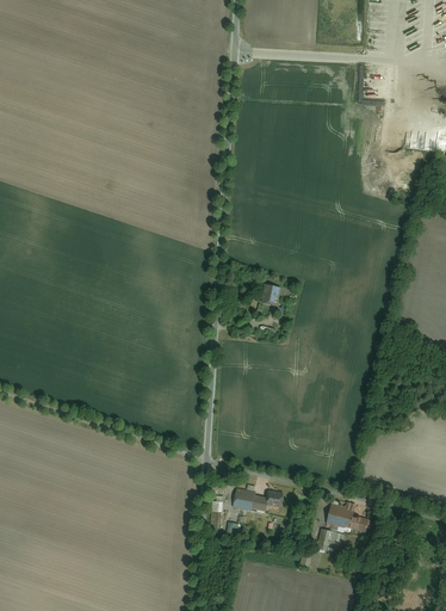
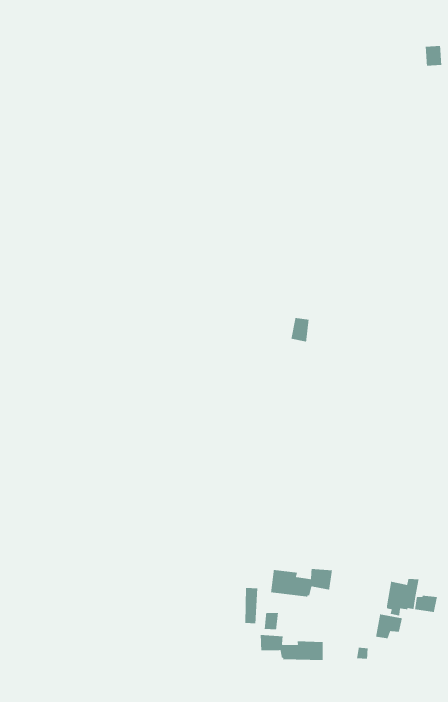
building: none -> [260,634,324,661]

